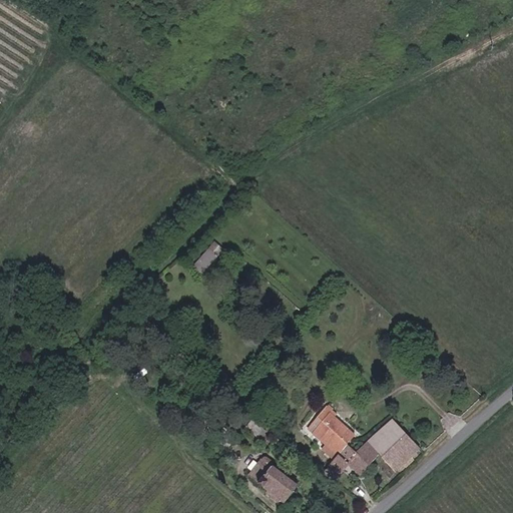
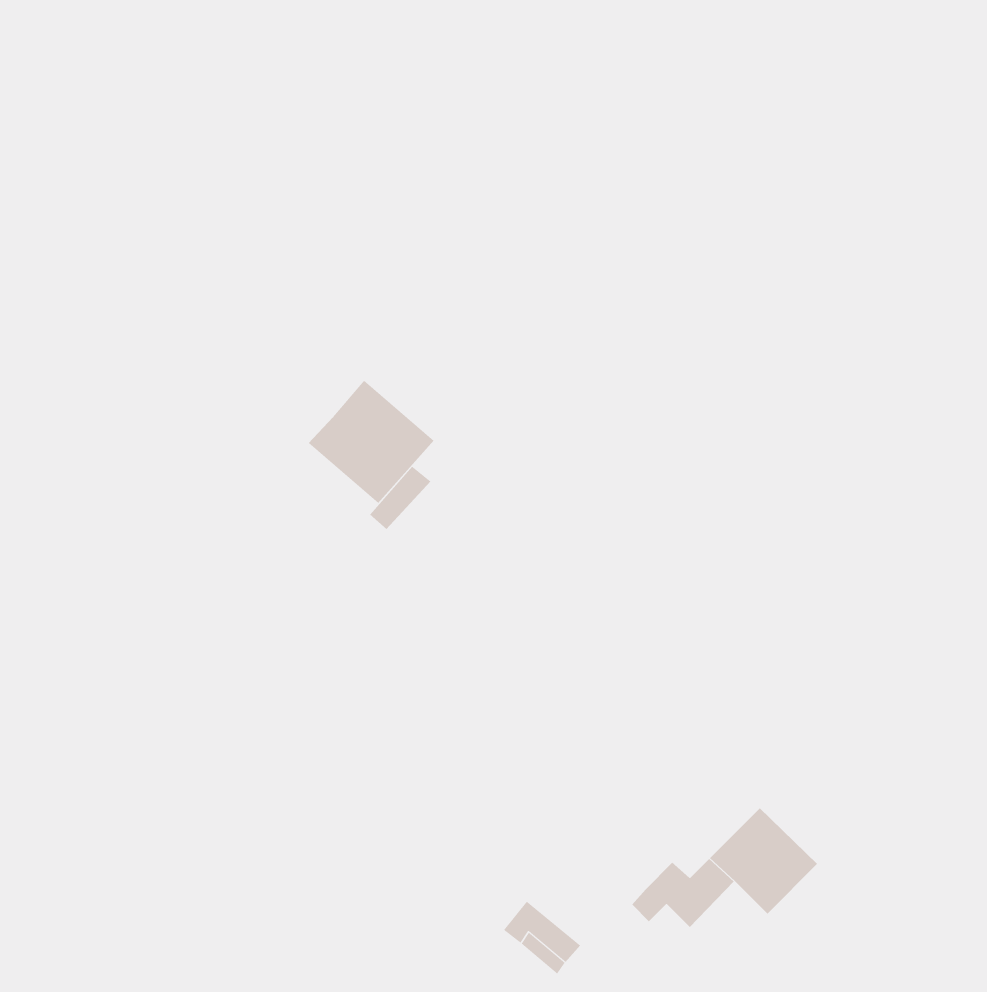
building: none -> [308,380,435,504]
building: [306,407,356,459] -> none

